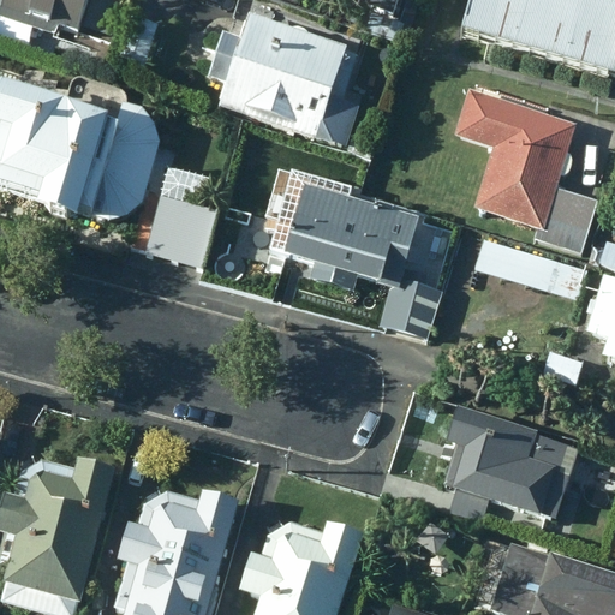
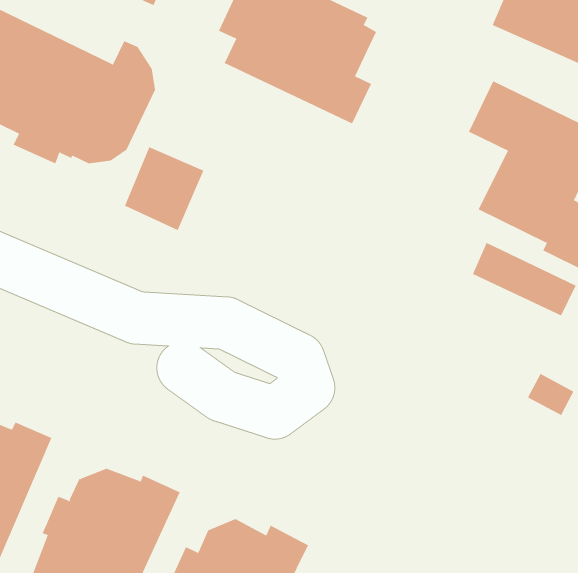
building: [270,169,442,336] -> none
building: [442,407,580,519] -> none

